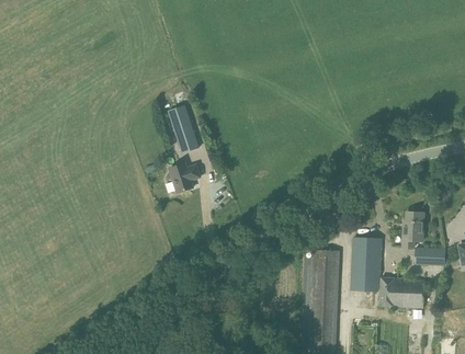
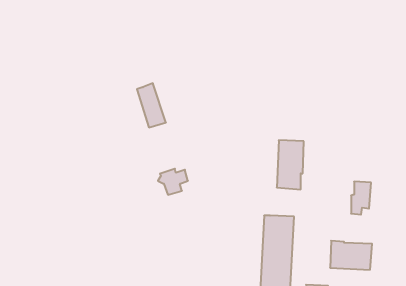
building: [167,163,200,192] -> [158,169,188,195]
building: [352,238,382,292] -> [277,140,304,189]
building: [415,248,445,264] -> none

